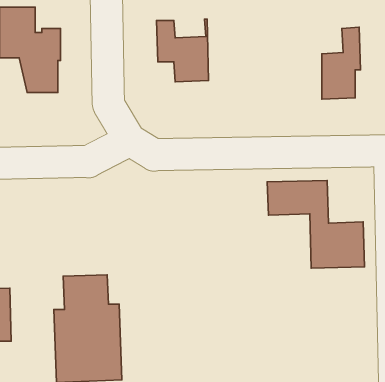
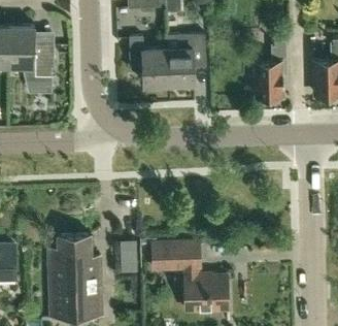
building: none -> [168,35,205,84]
building: [267,180,364,268] -> [153,242,228,311]
building: none -> [120,240,136,273]

